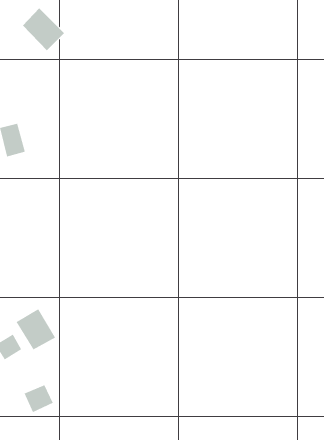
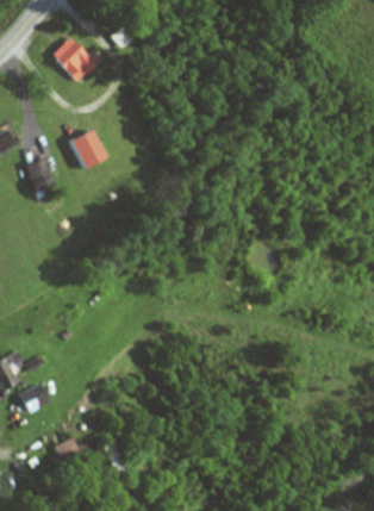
building: none -> [70,129,107,170]
building: [15,308,56,350] -> none

